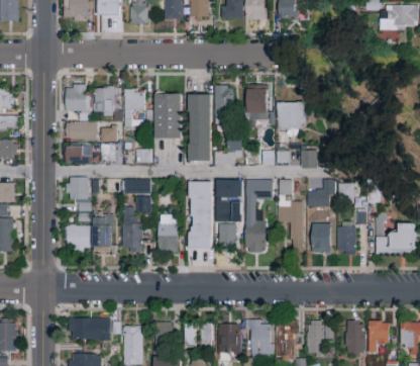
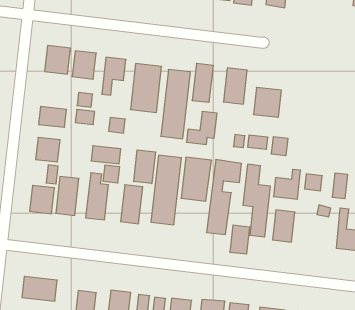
building: [66,121,97,139] -> none
building: none -> [134,150,155,184]
building: [219,223,236,251] -> [230,225,250,254]
building: [337,226,355,254] -> none

